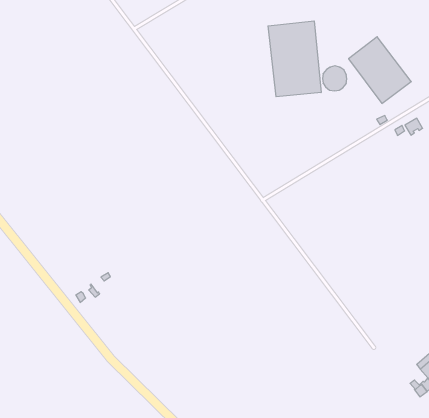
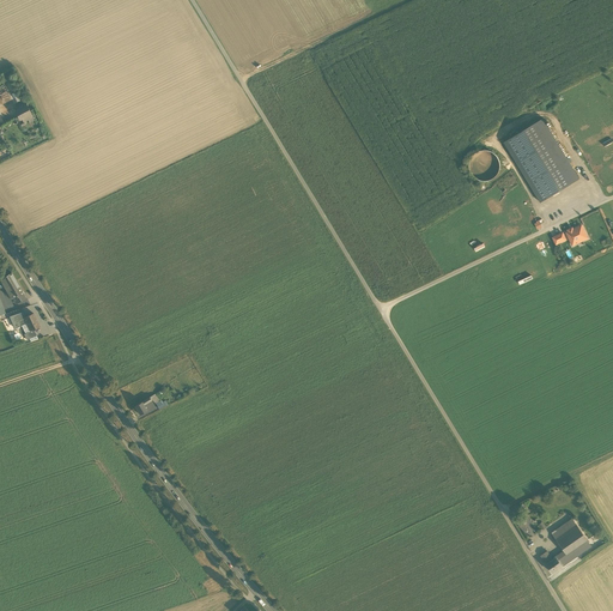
building: [268,21,321,97] -> none

